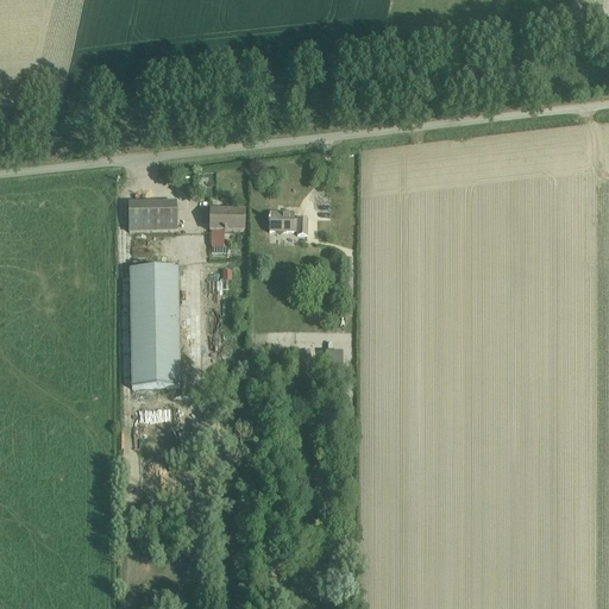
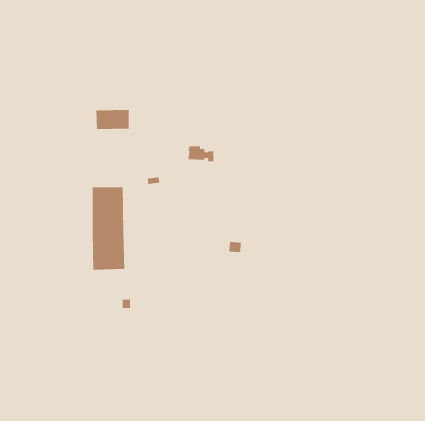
building: [127,199,176,228] -> [95,109,130,130]
building: [208,207,244,227] -> none

